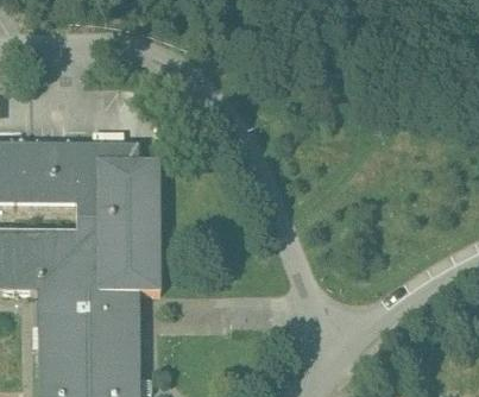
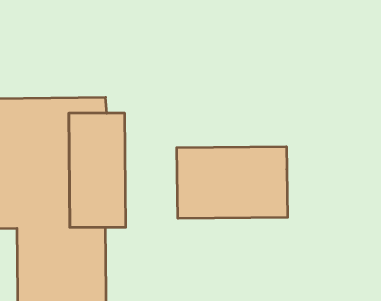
building: none -> [177,147,288,218]

